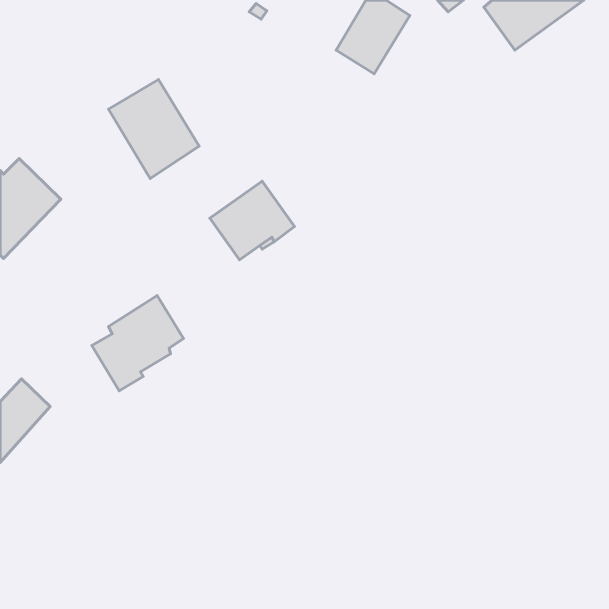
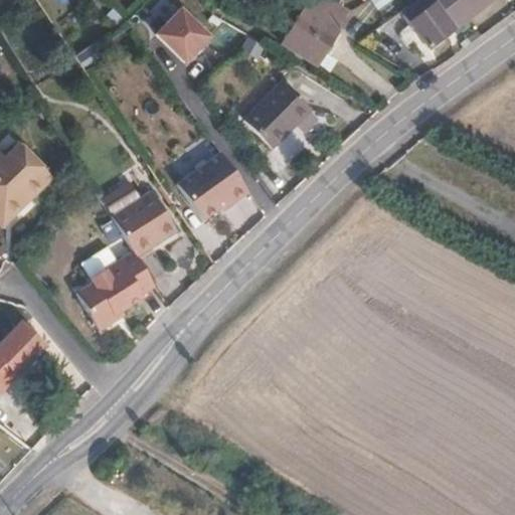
building: none -> [157,8,214,65]
building: [108,79,199,178] -> [101,171,177,254]
building: none -> [242,80,310,146]

